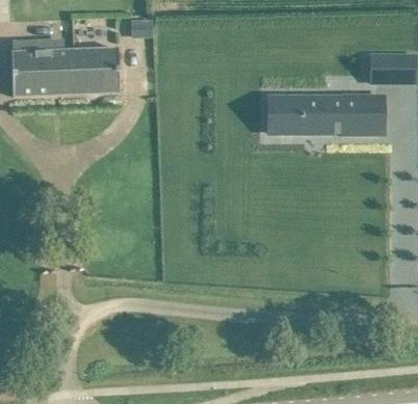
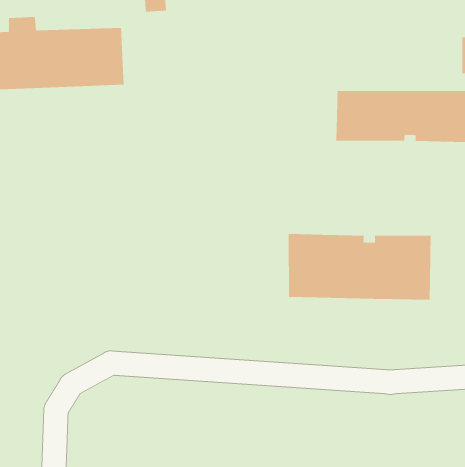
building: none -> [288,233,431,301]

